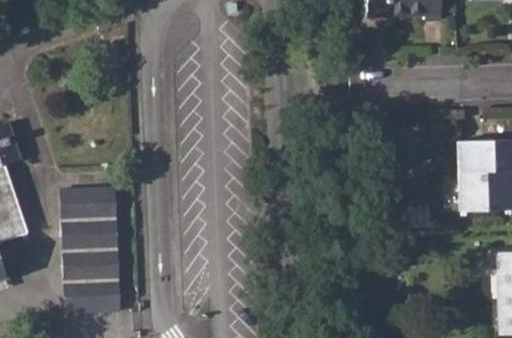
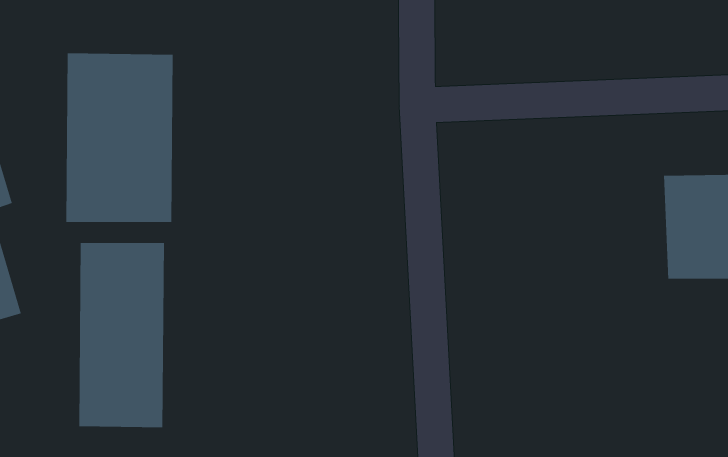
building: none -> [65,53,174,223]

